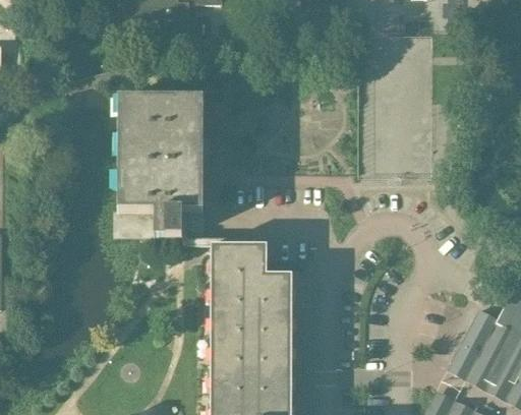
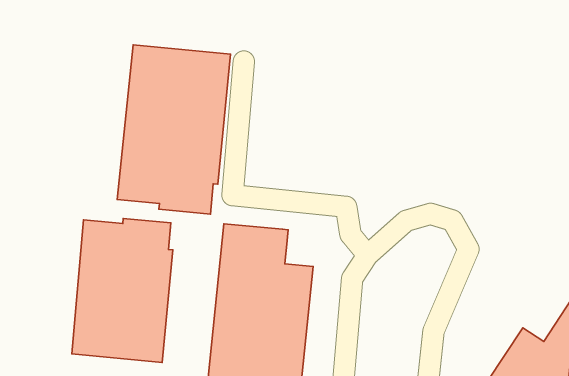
building: none -> [72,218,173,362]

